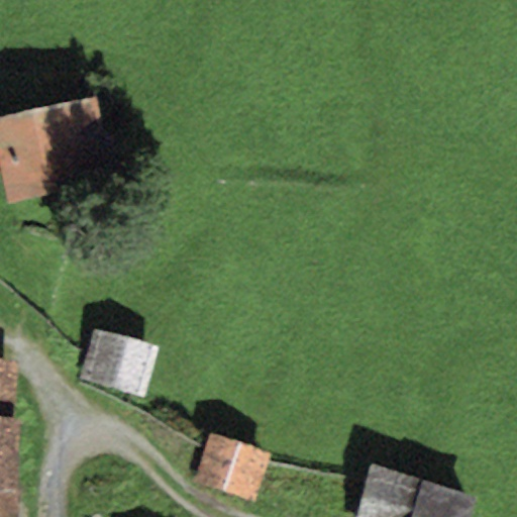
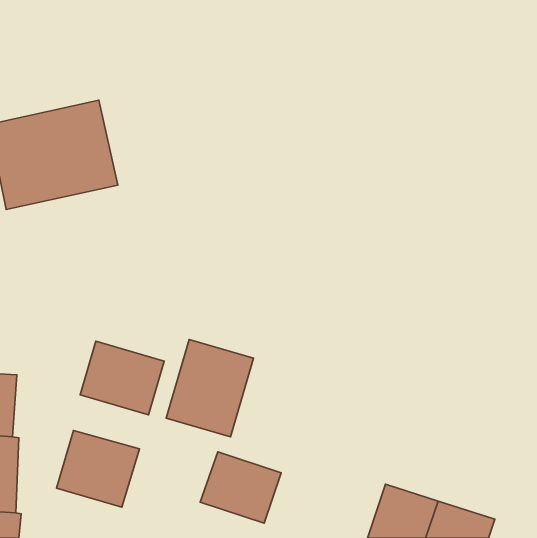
building: none -> [166,339,254,437]
building: none -> [57,430,139,507]

